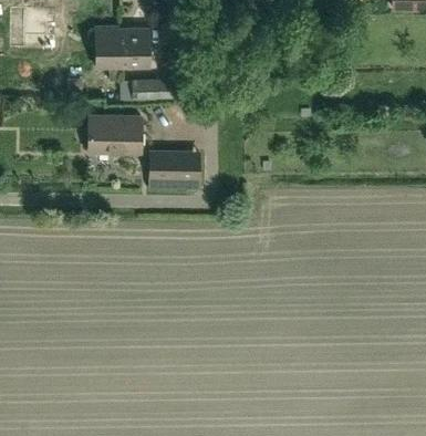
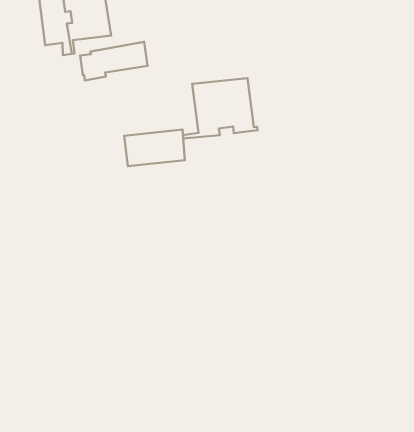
building: none -> [183,78,258,138]
building: [87,116,143,153] -> none

